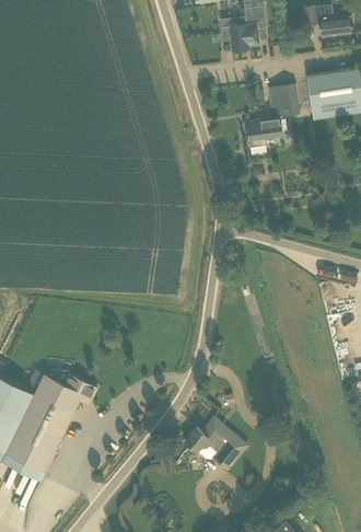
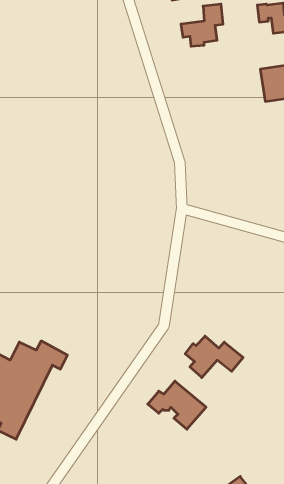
building: [243,83,300,148] -> none
building: none -> [185,336,243,378]

